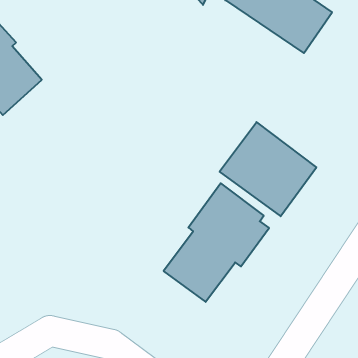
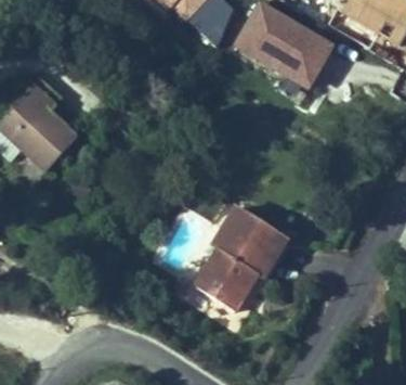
building: [220,122,316,216] -> none

